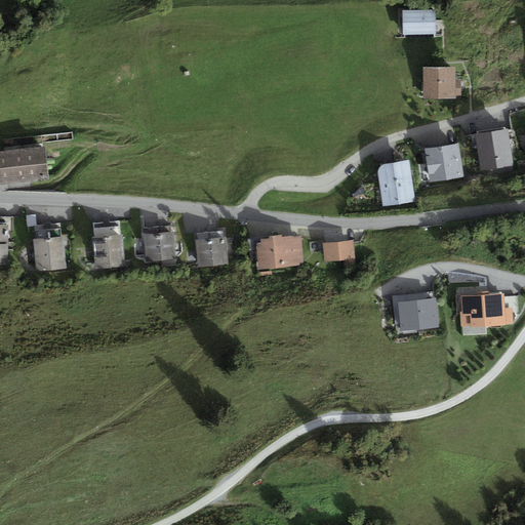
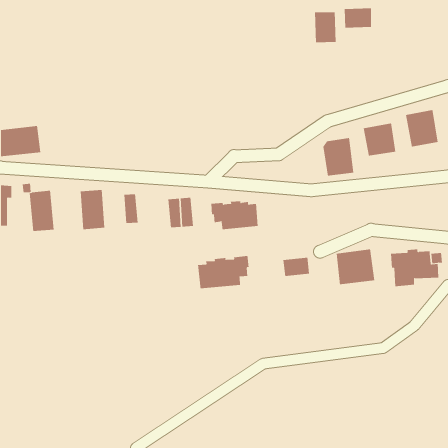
building: none -> [315,11,336,43]
building: [425,68,461,99] -> none
building: [159,226,176,266] -> none
building: [323,240,355,262] -> [283,257,310,276]
building: none -> [197,255,249,289]

